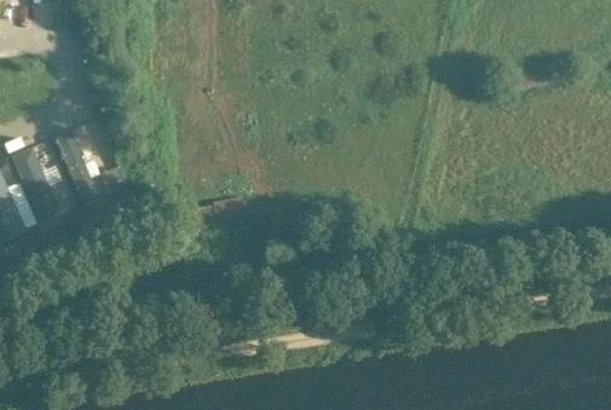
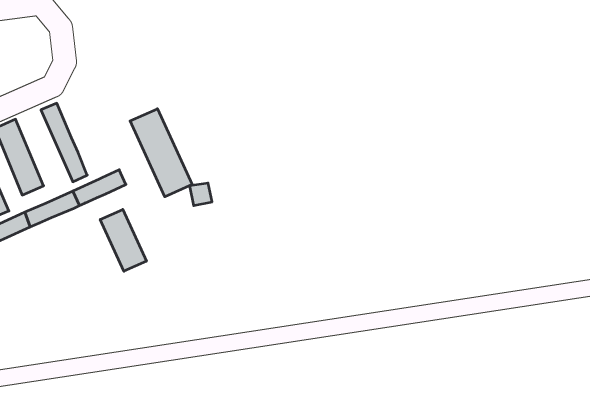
building: none -> [130,109,192,197]
building: none -> [100,209,146,271]

